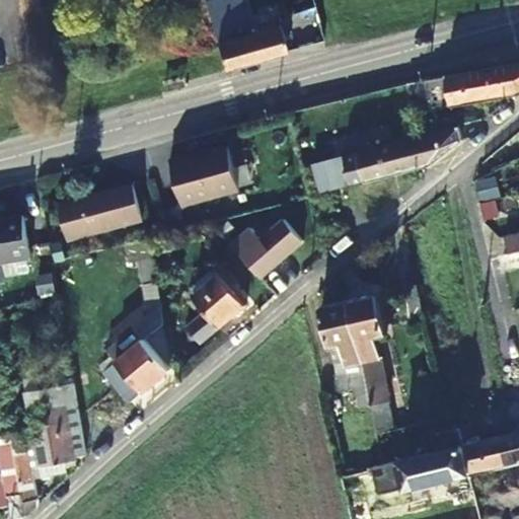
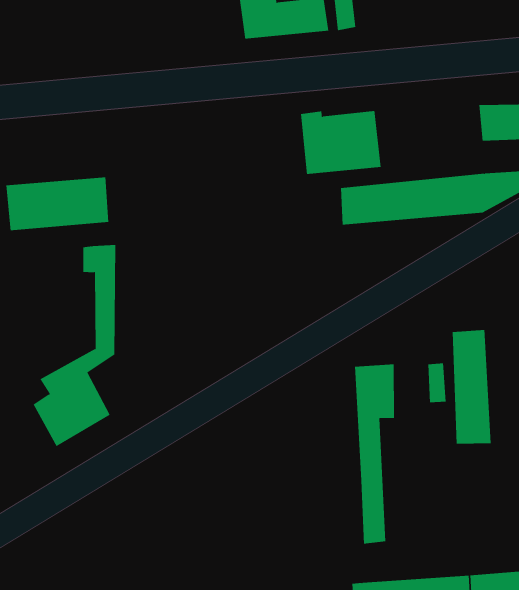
building: [169,150,238,208] -> [300,110,382,175]
building: [229,216,302,277] -> none
building: [186,267,245,344] -> none
building: [321,301,366,392] -> [452,330,492,444]

